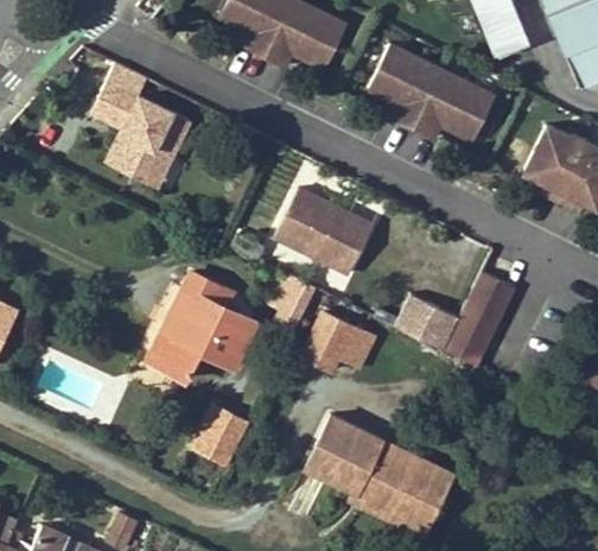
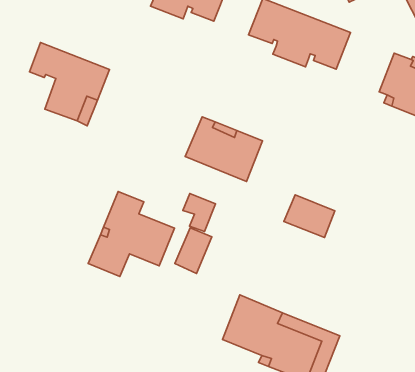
building: [443,253,516,366] -> none
building: [319,299,368,356] -> [175,228,212,273]
building: [195,405,248,462] -> none

